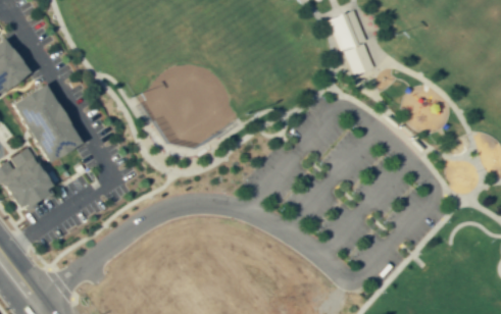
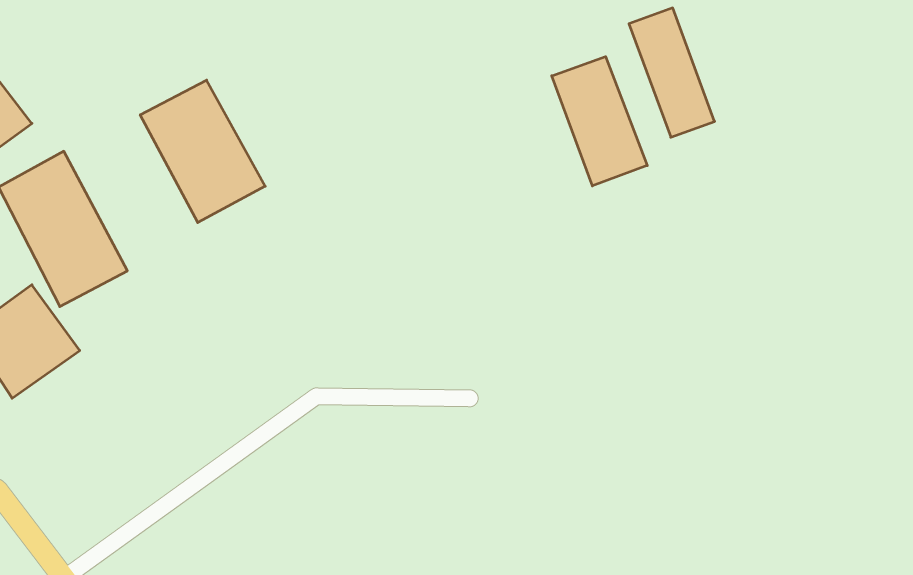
building: none -> [552,57,647,186]
building: none -> [140,80,265,223]

